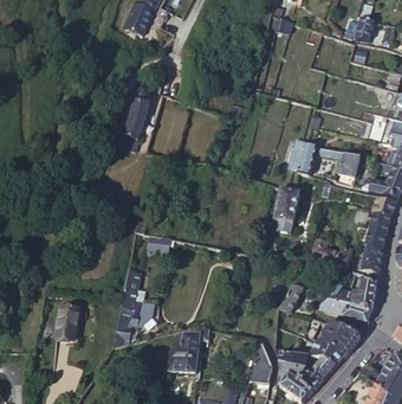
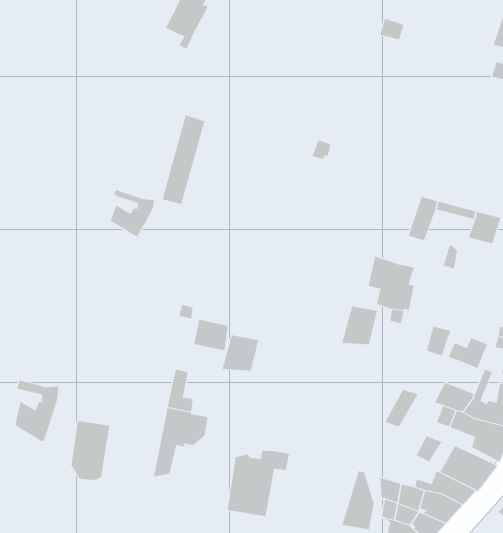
building: none -> [110,189,155,237]
building: none -> [341,306,377,345]
building: none -> [222,334,259,372]
building: none -> [15,380,59,442]

